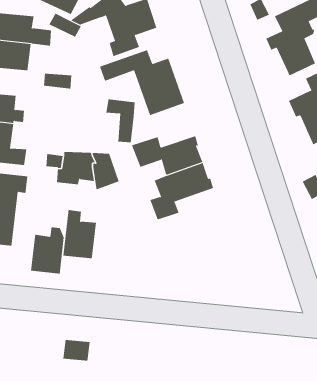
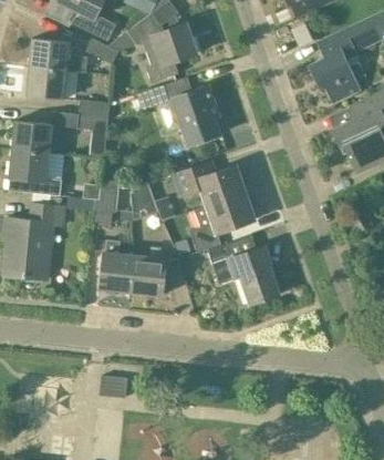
building: [106,99,136,143] -> [77,114,108,160]
building: none -> [208,235,280,305]
building: [30,227,65,274] -> [131,247,166,296]

